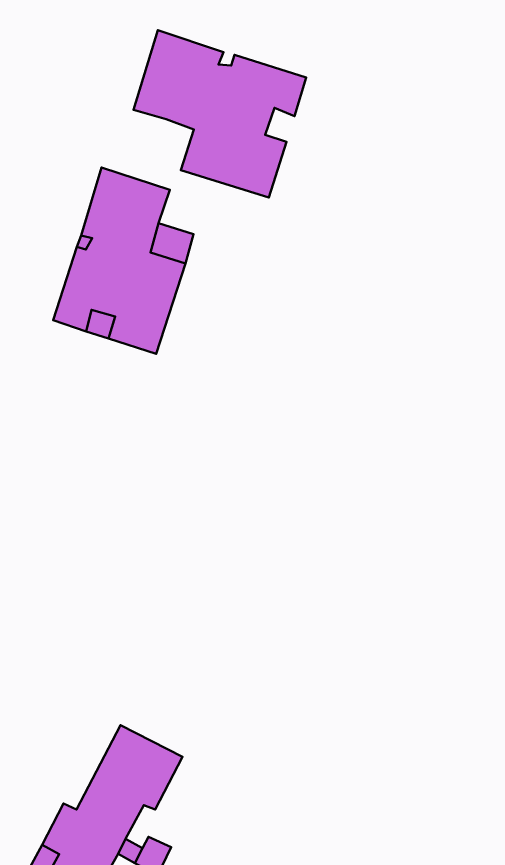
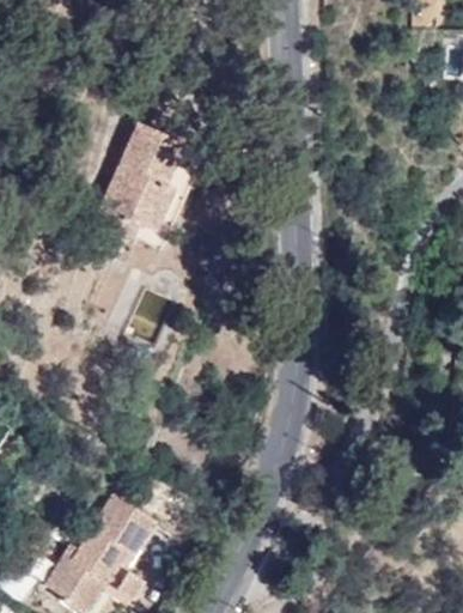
building: [133,30,306,197] -> none

